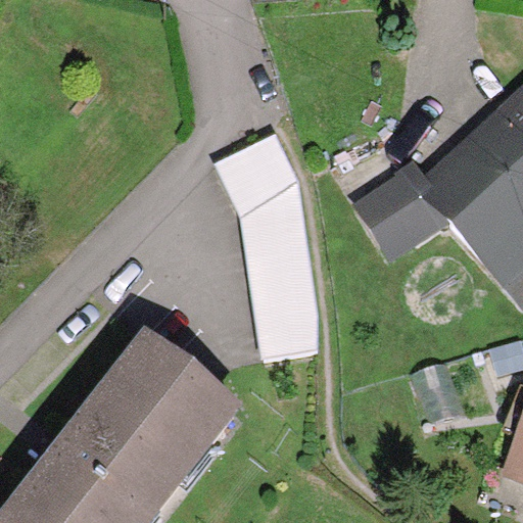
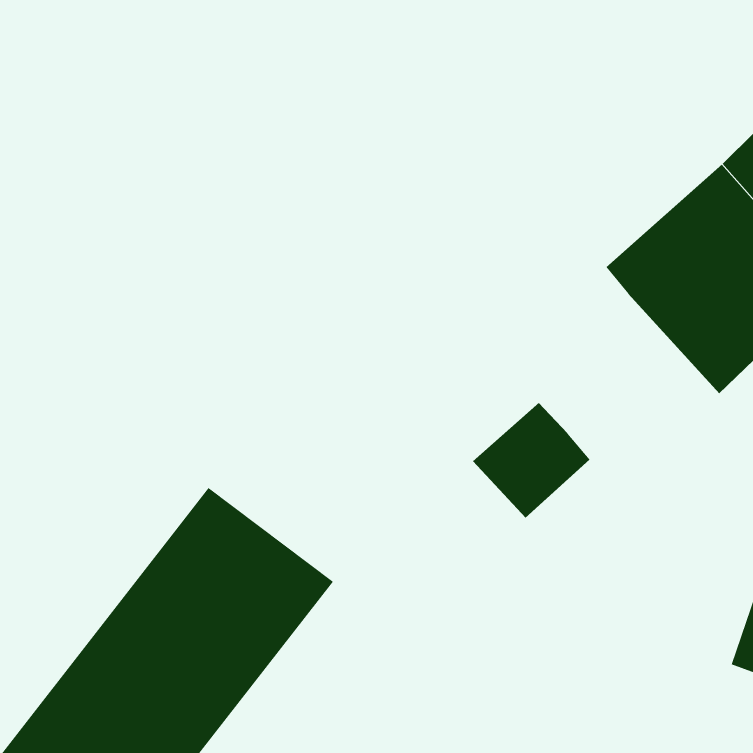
building: [213,134,314,347] -> none
building: [353,164,435,245] -> [472,402,590,519]

